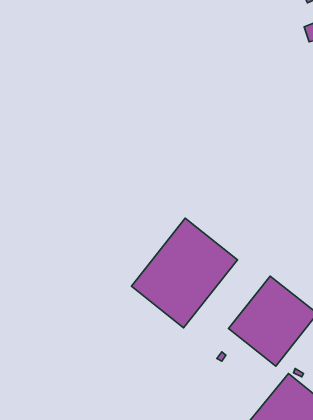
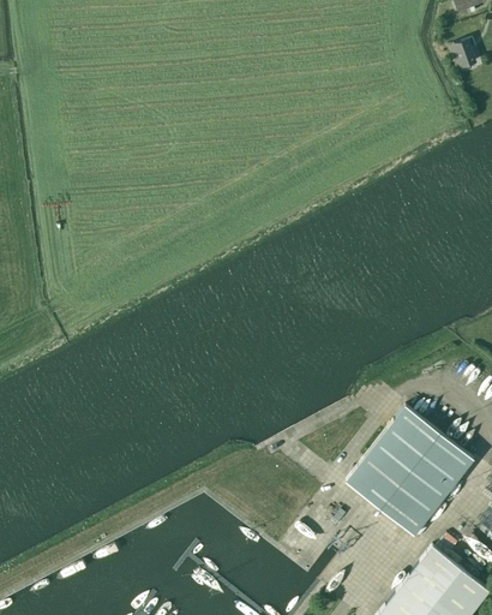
building: [131,218,237,328] -> none

